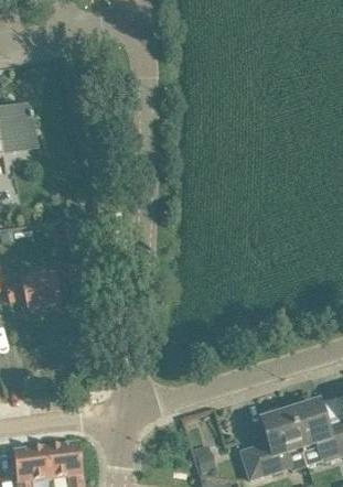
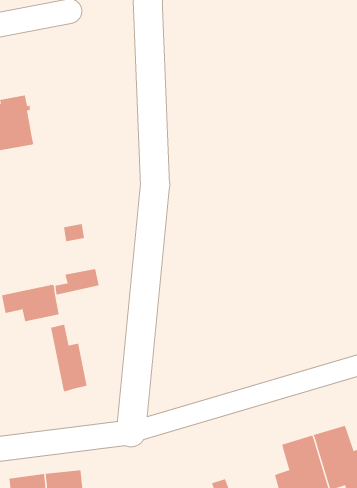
building: none -> [50,324,87,392]

